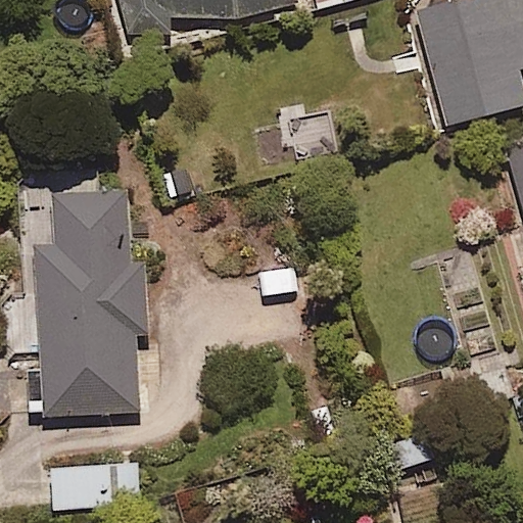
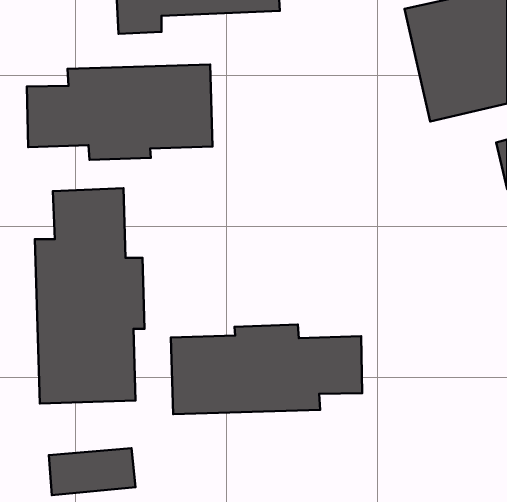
building: none -> [27,64,213,160]
building: none -> [171,325,362,414]

